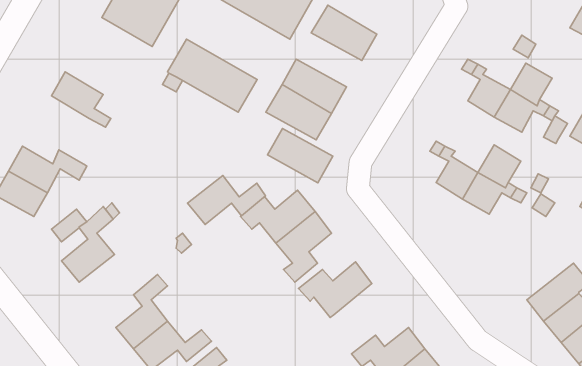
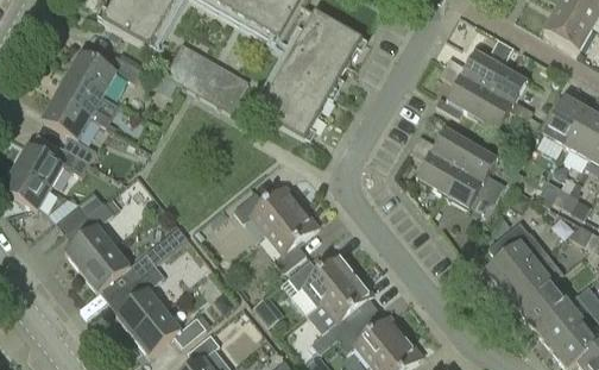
building: none -> [68,50,145,95]
building: none -> [461,50,502,89]
building: none -> [42,95,96,162]
building: [267,129,333,183] -> [285,36,347,87]
building: none -> [431,127,472,168]
building: [187,176,266,225] -> [81,245,155,291]
building: none -> [486,221,547,288]
building: none -> [321,272,373,339]

